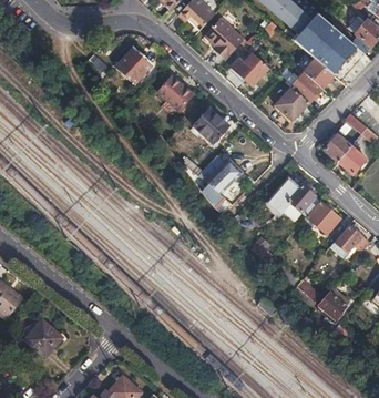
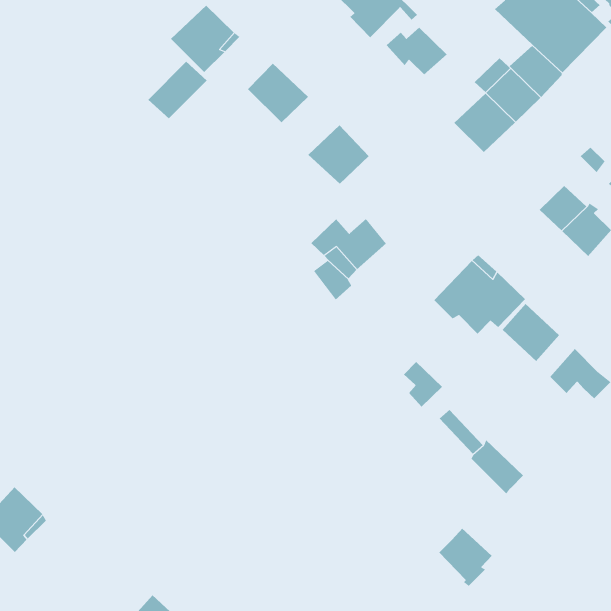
building: none -> [148,61,208,119]
building: [317,290,347,323] -> [439,528,493,586]

